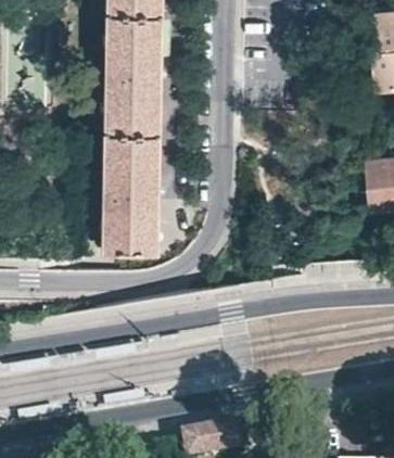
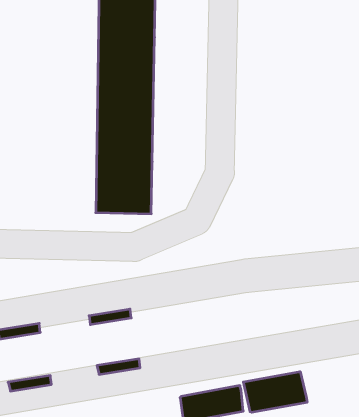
building: none -> [243,372,307,412]

